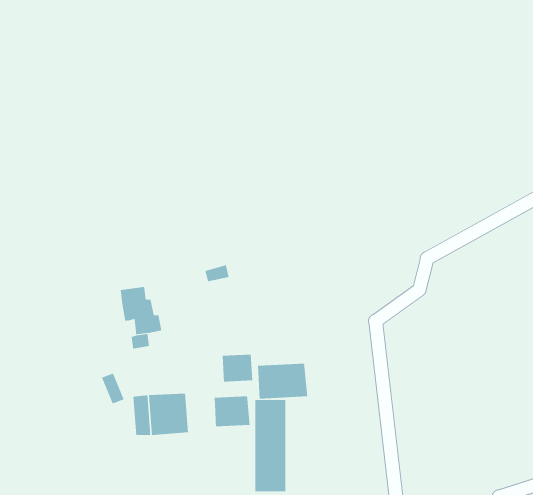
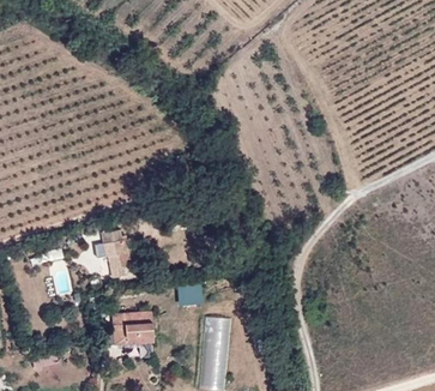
building: [258,363,308,399] -> none
building: [214,395,250,427] -> none

